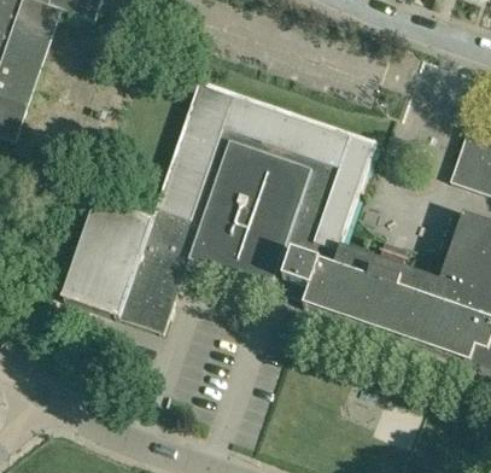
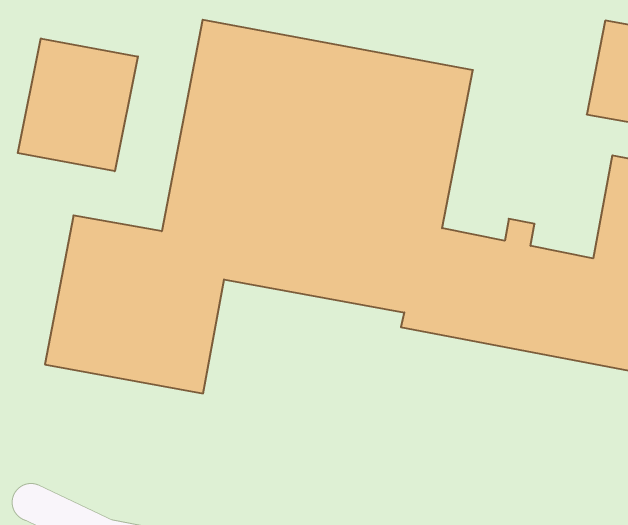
building: none -> [18,38,138,171]

